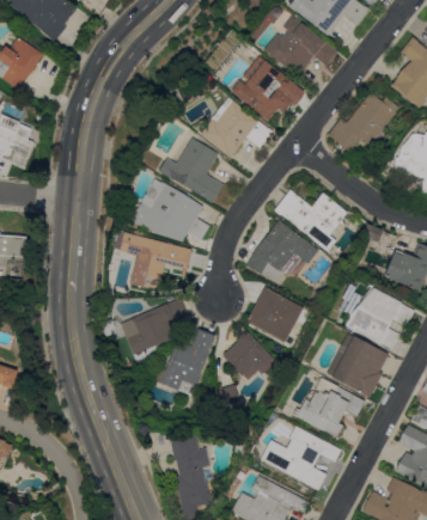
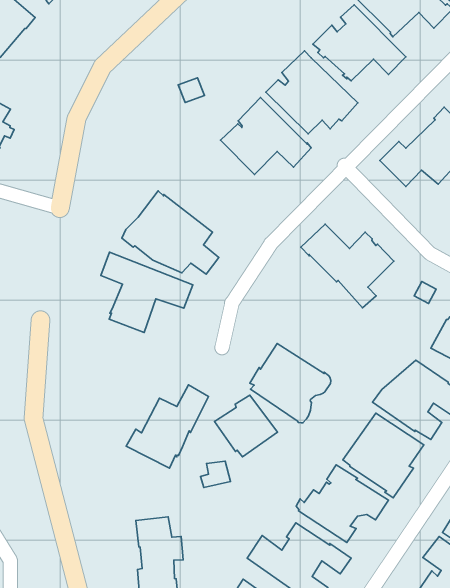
building: [159,136,224,202] -> none
building: [246,219,319,282] -> none
building: [121,296,188,354] -> none

